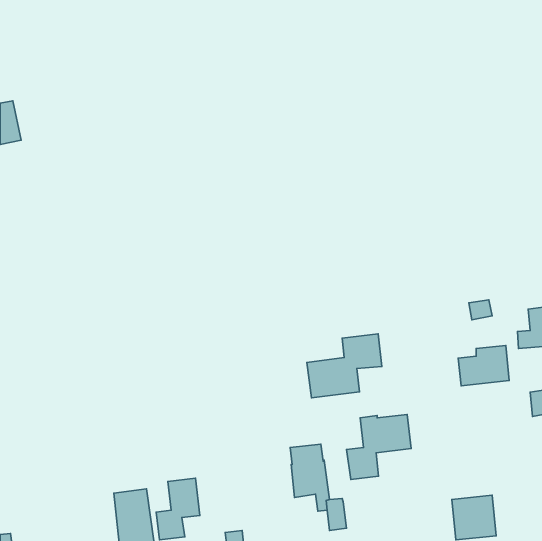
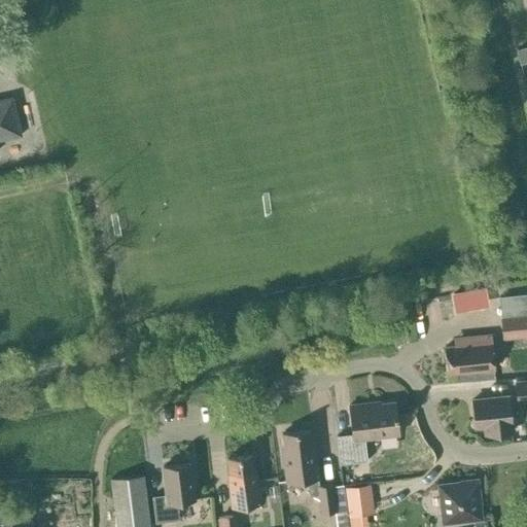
building: [307,334,382,398] -> none
building: none -> [472,398,513,436]
building: none -> [227,457,260,508]
building: none -> [346,487,374,519]

